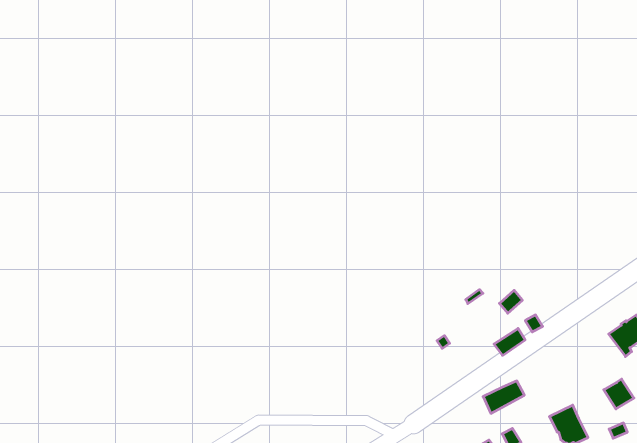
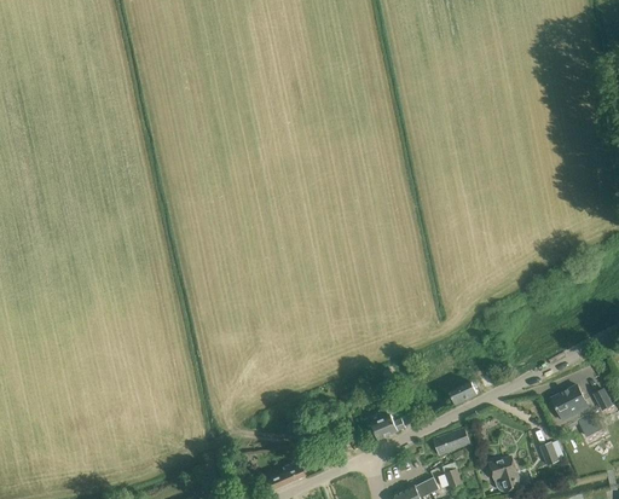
building: none -> [370,406,404,440]

